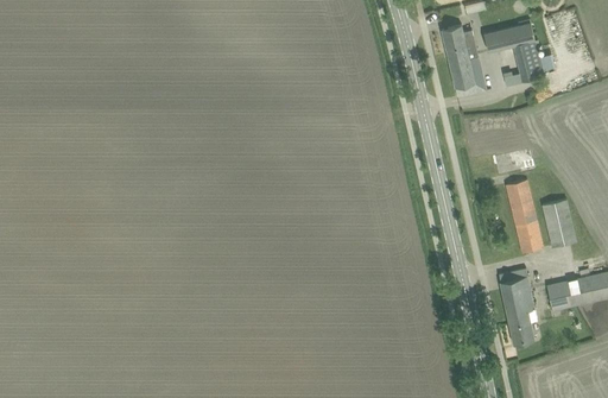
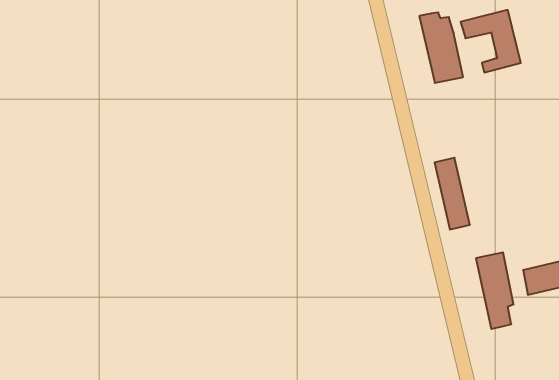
building: [506,179,542,252] -> [435,158,470,230]
building: [542,198,576,246] -> none

